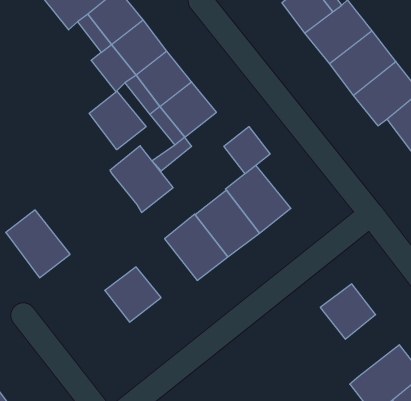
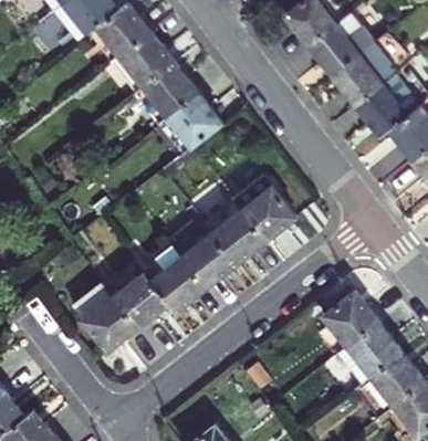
building: [89,91,146,150] -> none
building: [224,127,270,174] -> none
building: [110,146,173,212] -> [142,246,203,312]
building: [6,210,70,278] -> [74,285,137,351]
building: none -> [338,321,401,381]

